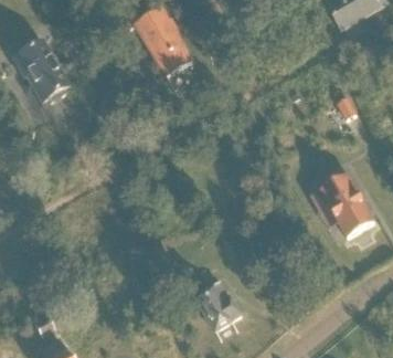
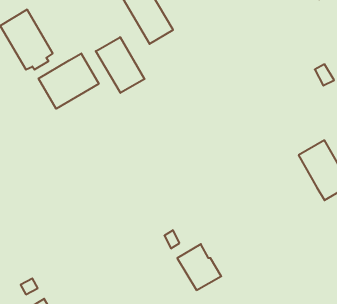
building: none -> [96,37,145,93]
building: none -> [39,53,99,109]

